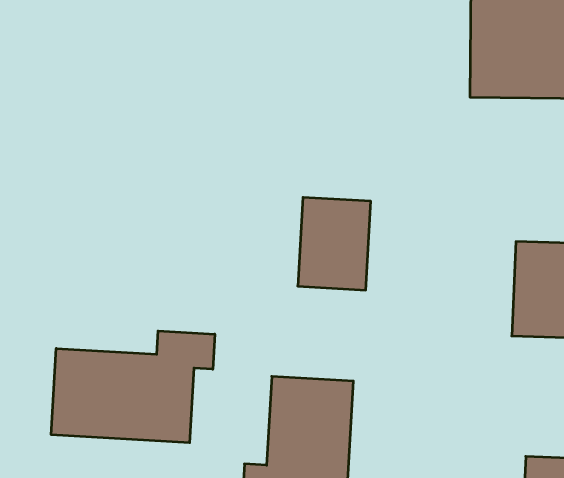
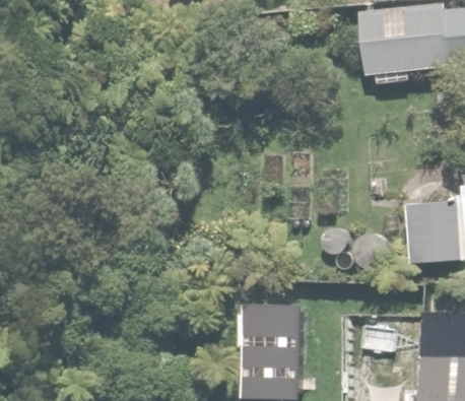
building: [51,331,215,443] -> none

